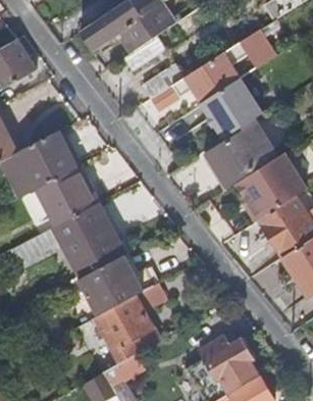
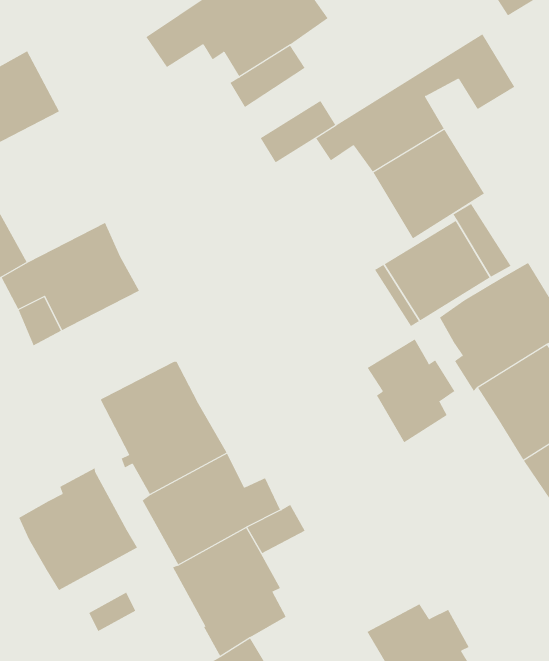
building: [39,167,95,224] -> none
building: none -> [367,338,455,443]
building: none -> [19,467,138,591]

